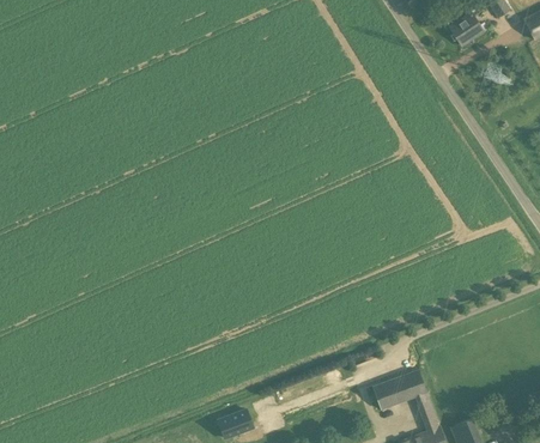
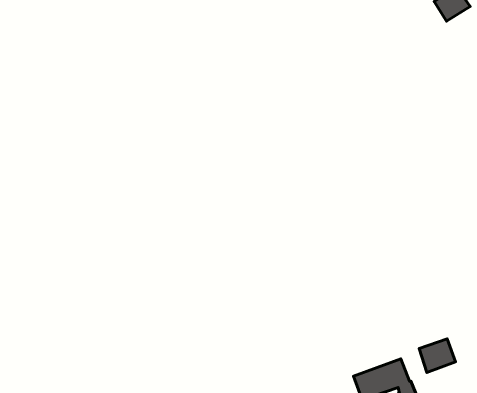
building: none -> [419,339,456,372]

